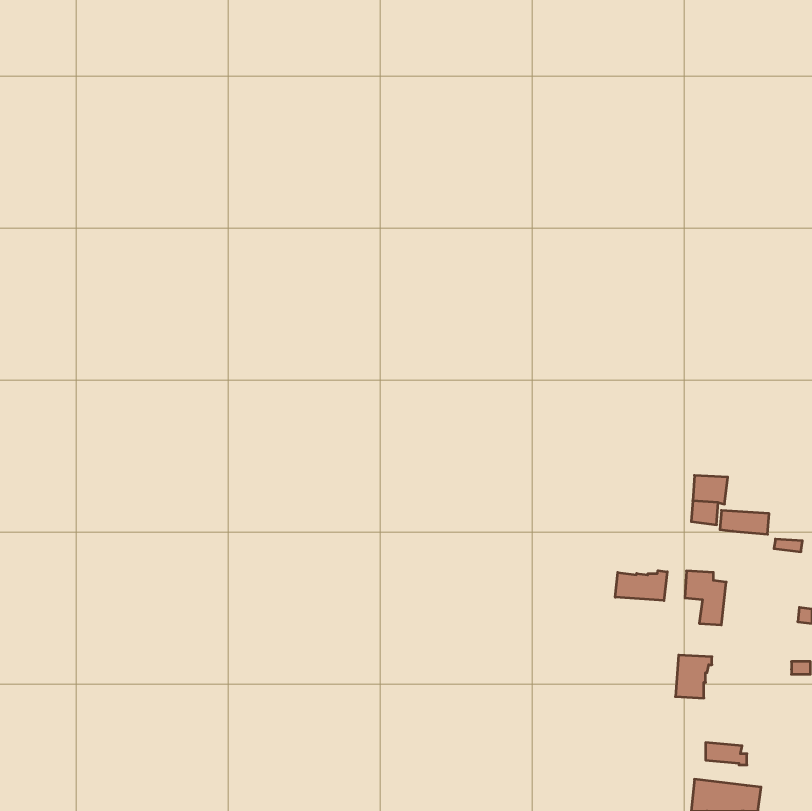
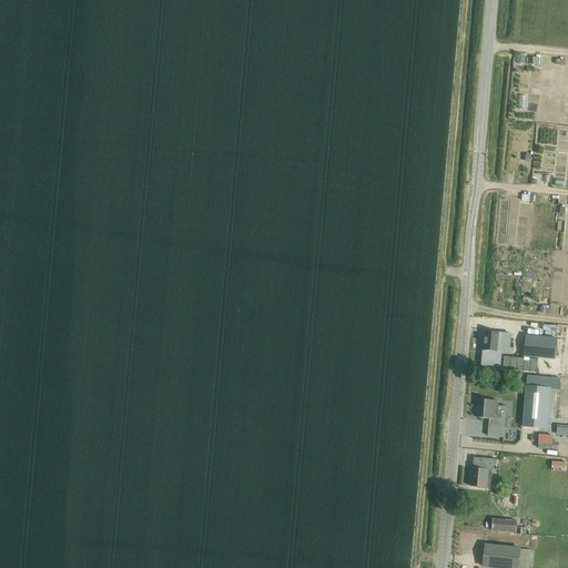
building: none -> [524,335,557,358]
building: none -> [523,384,548,428]
building: [615,571,667,601] -> none

